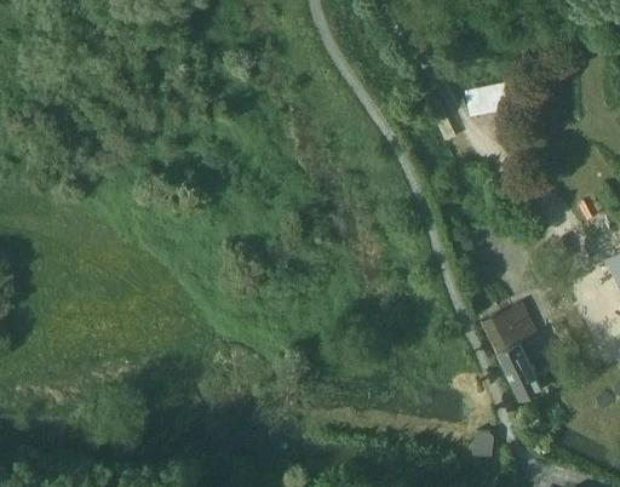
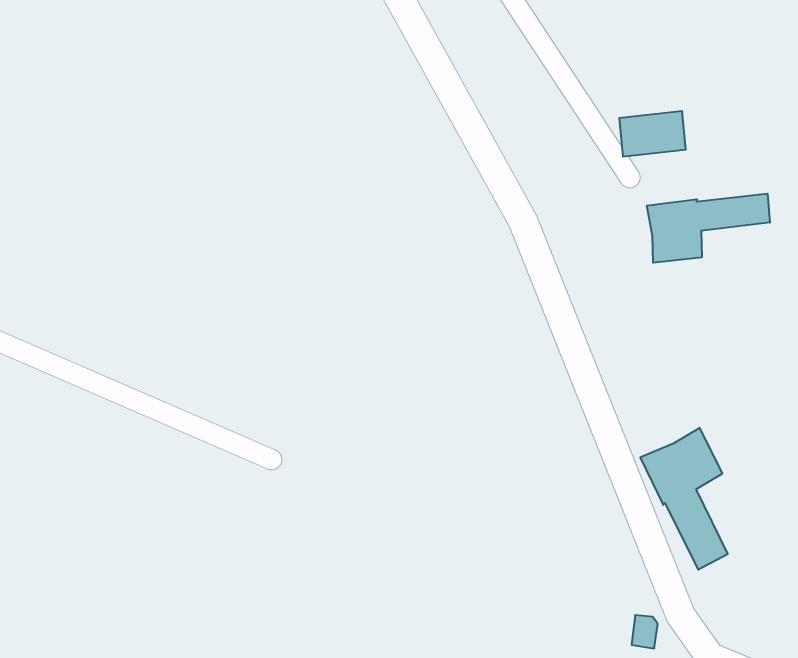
building: none -> [647,194,770,263]

